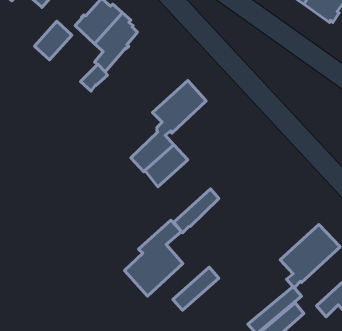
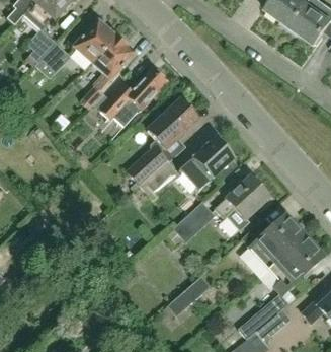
building: none -> [24,29,57,69]
building: none -> [98,68,165,126]
building: none -> [178,137,238,192]
building: none -> [215,175,268,231]
building: none -> [248,214,304,269]
building: [124,220,183,296] -> none

